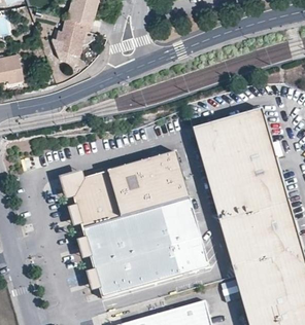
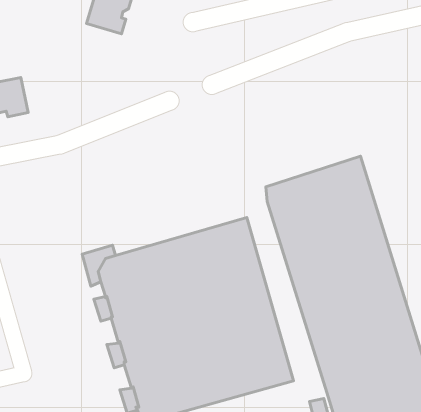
building: [56,17,90,57] -> none

